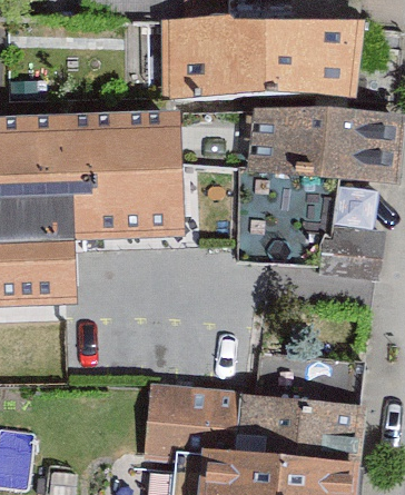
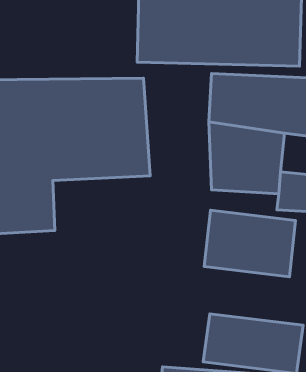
building: none -> [204,210,296,277]
building: [156,380,237,449] -> none

